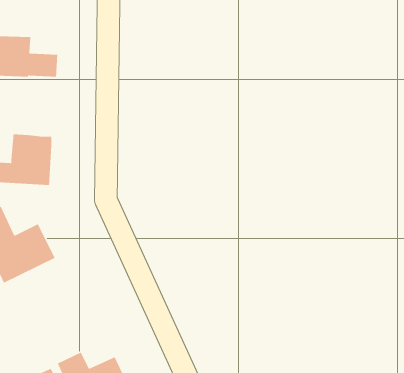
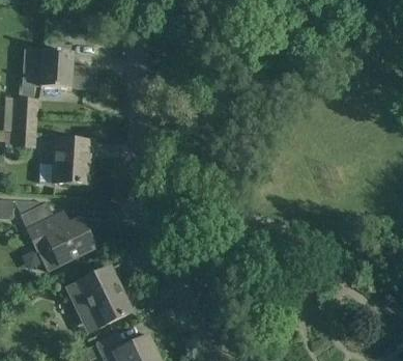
building: none -> [64,265,128,326]

